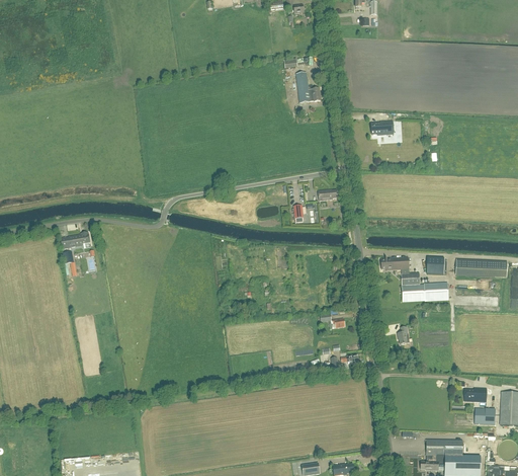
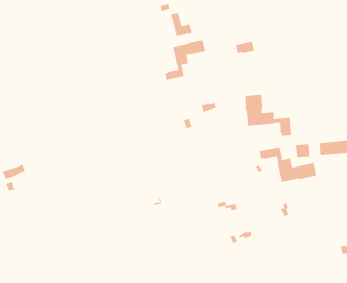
building: none -> [165,39,206,81]
building: none -> [245,94,293,136]

